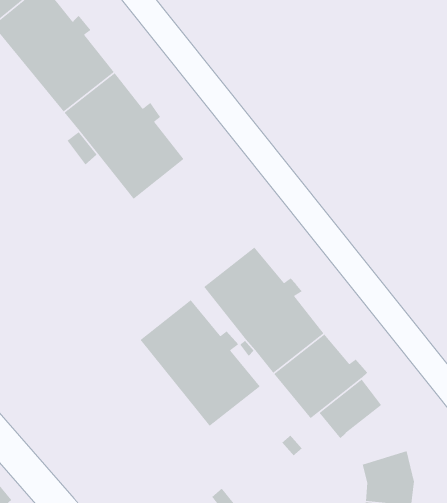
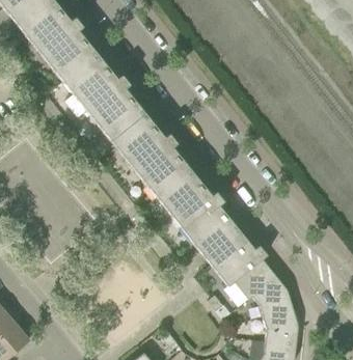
building: [140,299,261,427] -> [110,113,191,198]
building: none -> [252,277,293,316]

